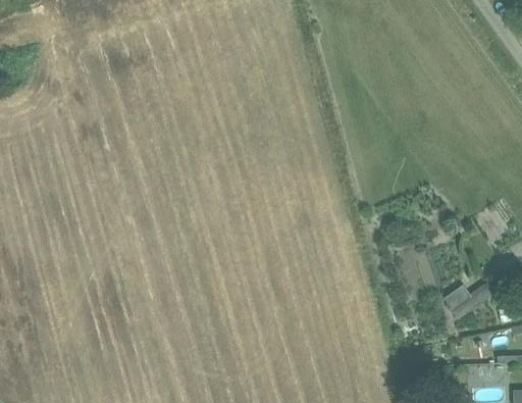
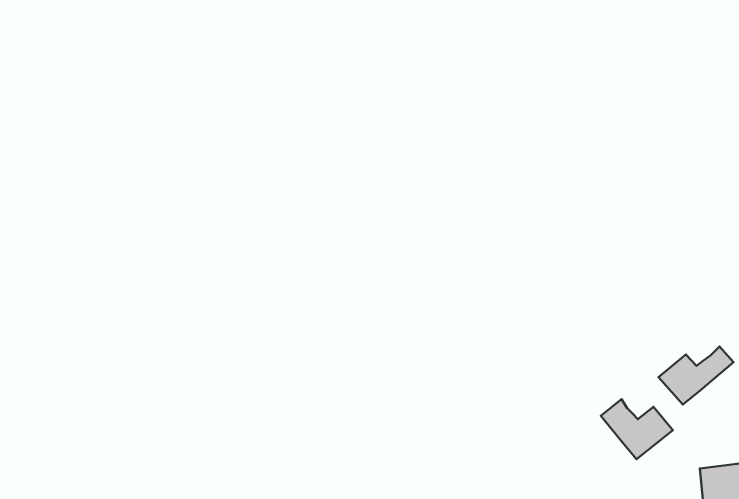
building: none -> [601,399,673,459]

